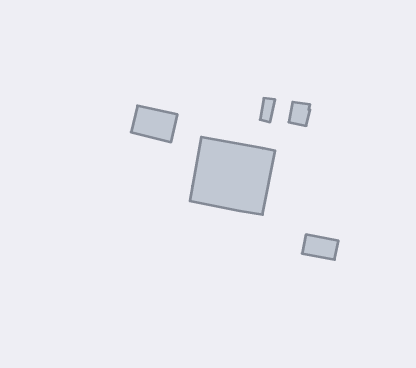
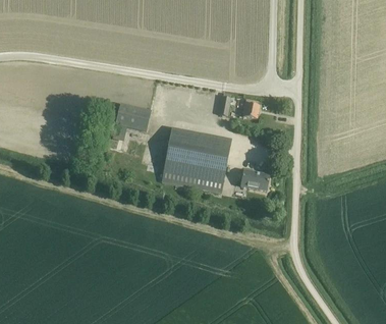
building: [302,235,338,260] -> [240,169,270,190]

